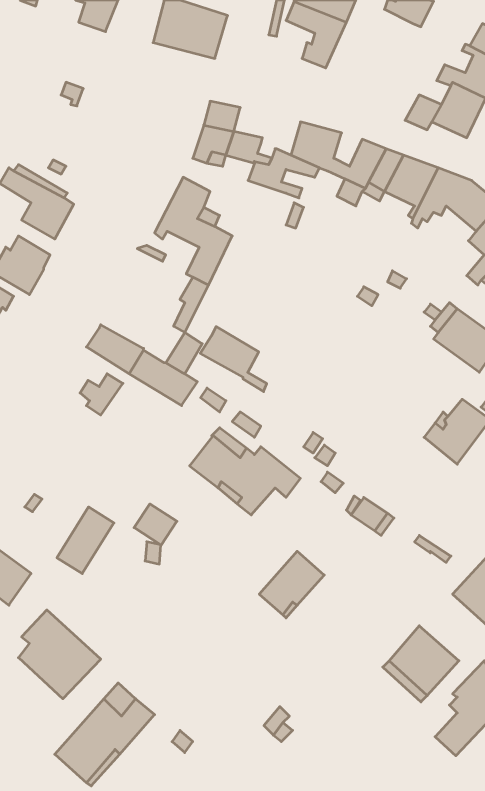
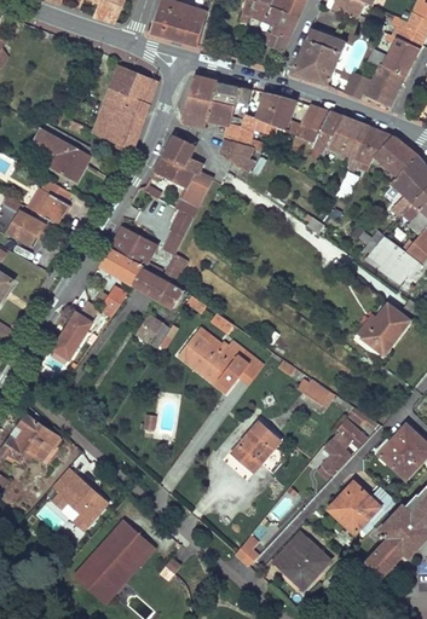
building: none -> [290,29,346,86]
building: none -> [91,65,158,149]
building: none -> [212,82,249,114]
building: none -> [218,138,252,172]
building: [200,327,267,392] -> [110,227,161,277]
building: [134,504,177,545] -> [137,316,169,347]
building: [57,507,114,574] -> [51,310,94,360]
building: none -> [316,429,364,479]
building: none -> [271,531,333,591]

